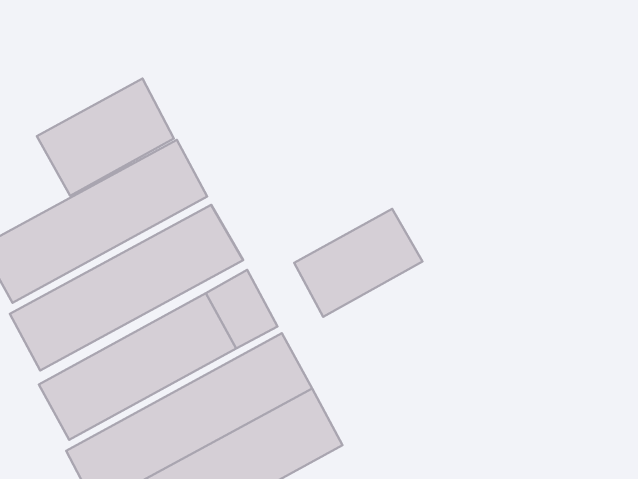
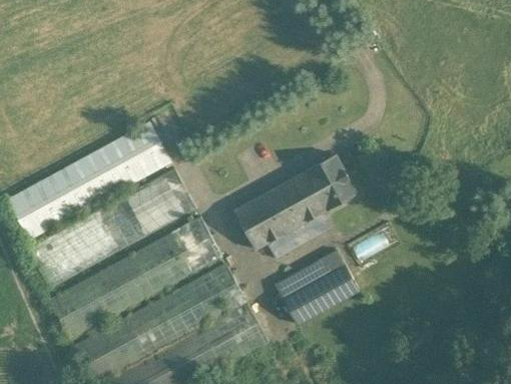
building: [37,79,174,196] -> none
building: none -> [305,154,357,210]
building: none -> [274,249,360,325]

